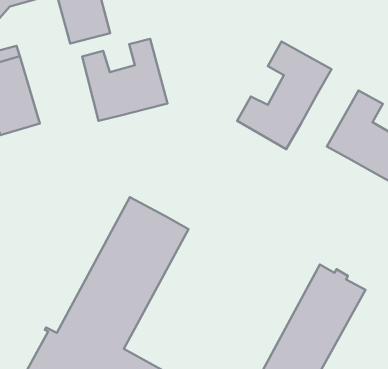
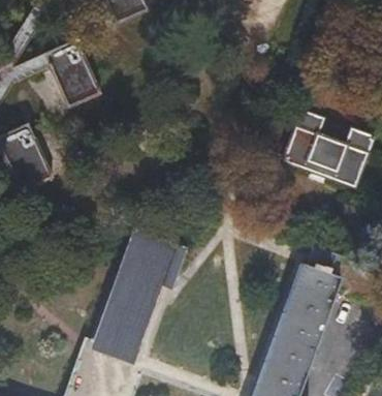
building: [82,39,168,121] -> none
building: [237,42,331,149] -> none

